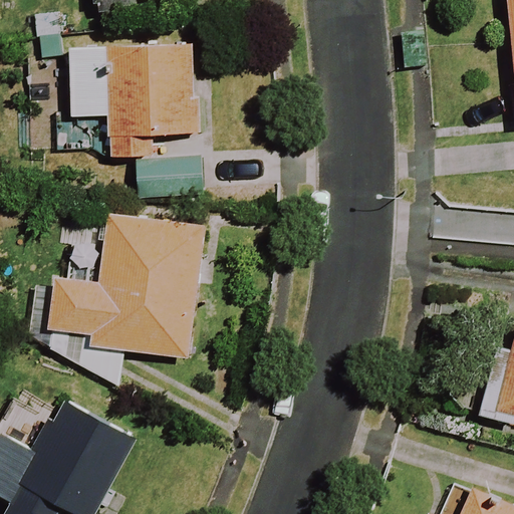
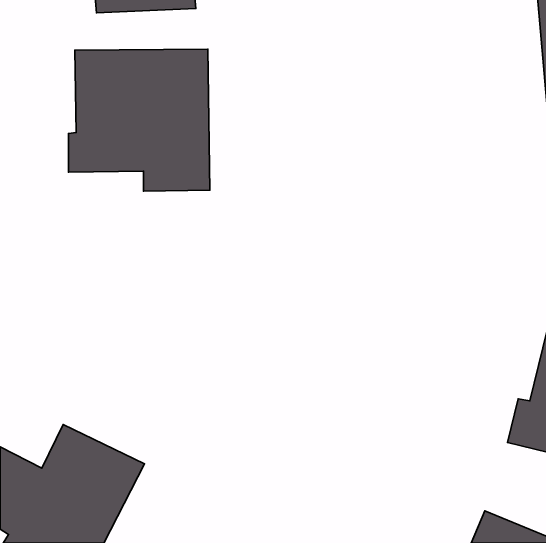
building: [47,214,203,356] -> none

